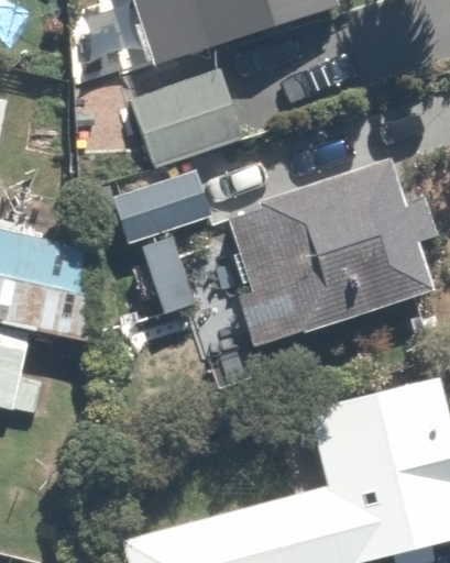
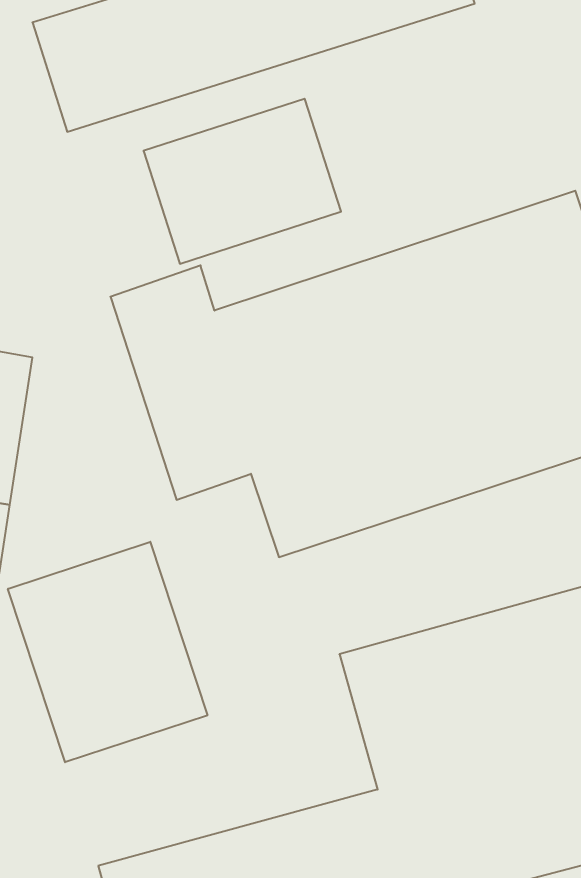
building: none -> [8,542,207,762]

